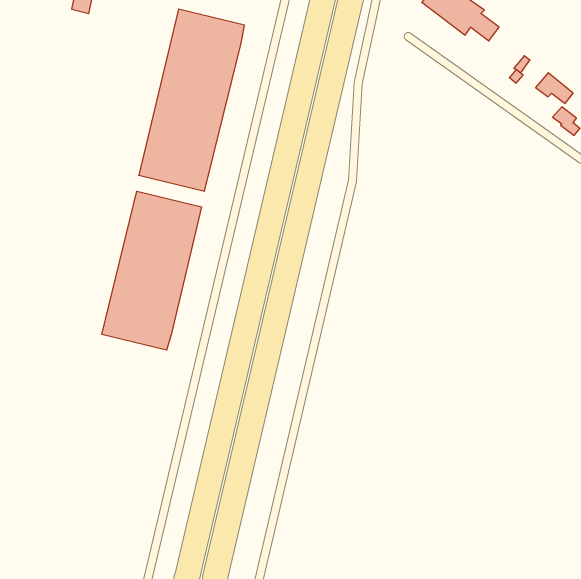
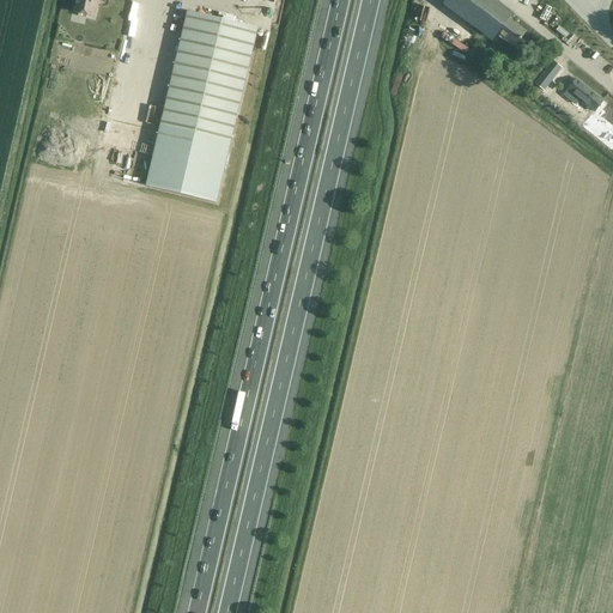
building: [102,191,201,350] -> none

